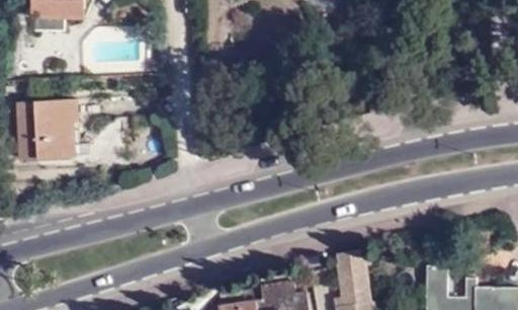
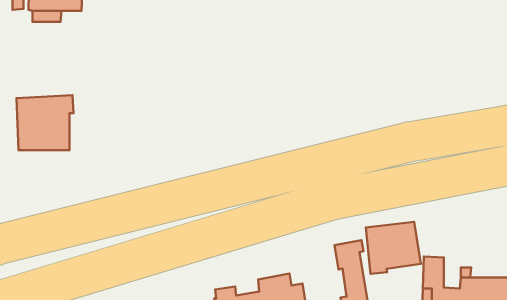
building: none -> [366,222,421,274]

